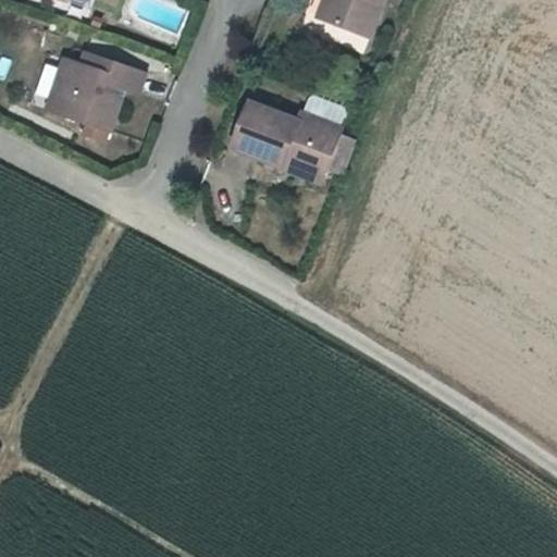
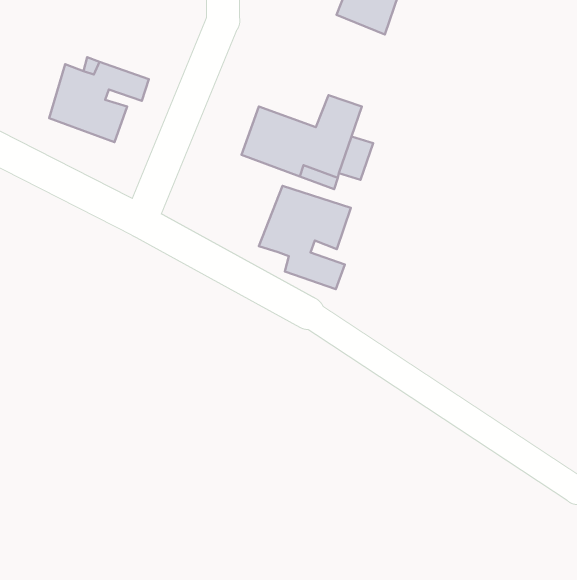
building: none -> [259,186,351,289]

